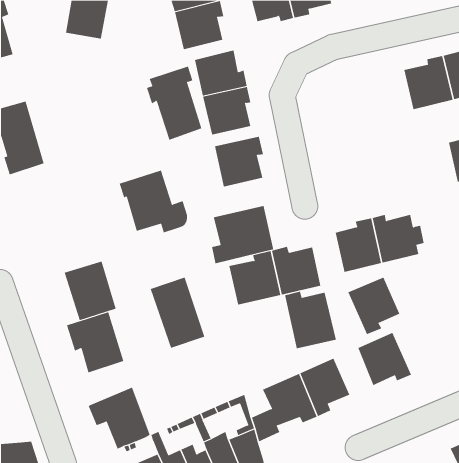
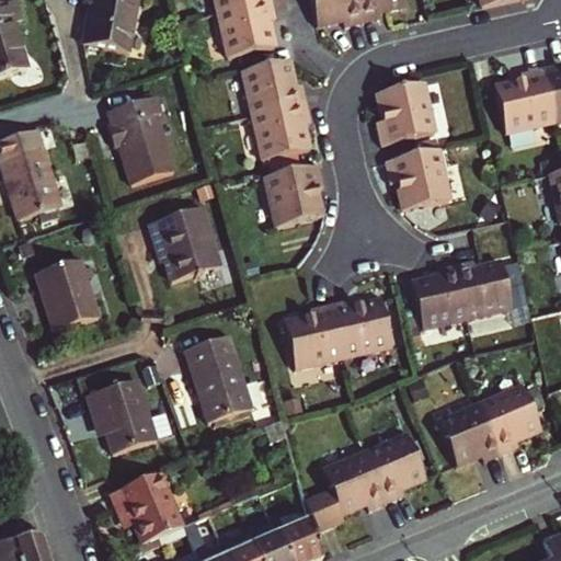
building: [146,66,202,140] -> [105,93,173,183]
building: none -> [377,81,436,145]
building: none -> [385,148,451,208]
building: [212,205,274,264] -> none
building: [64,261,117,321] -> [35,256,99,329]
building: [348,277,400,335] -> [480,383,543,454]
building: [284,291,336,349] -> none

